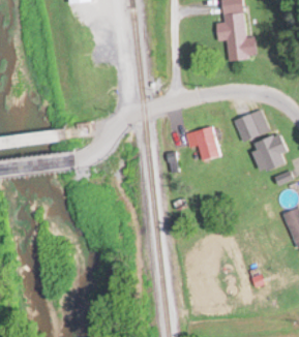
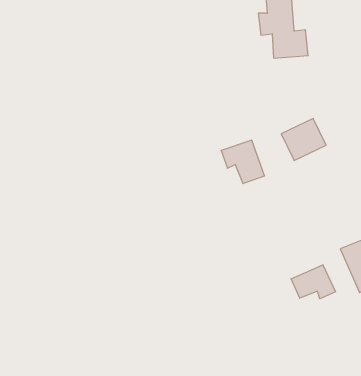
building: [249,132,288,173] -> none
building: none -> [291,265,336,299]

